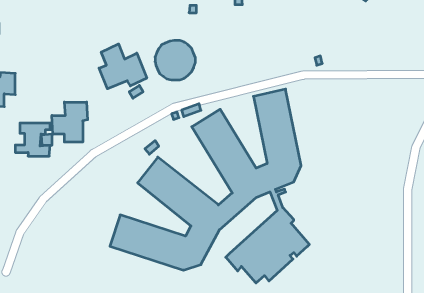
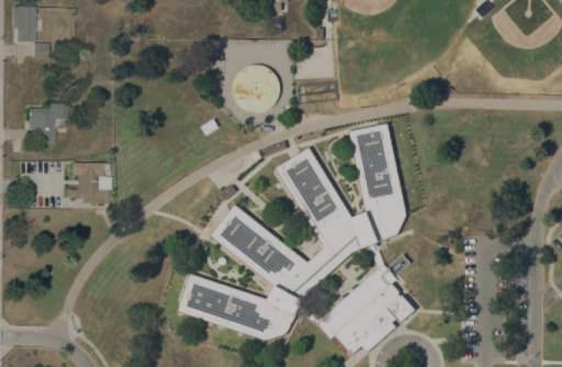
building: [99,44,147,89] -> none
building: [52,102,88,142] -> none

